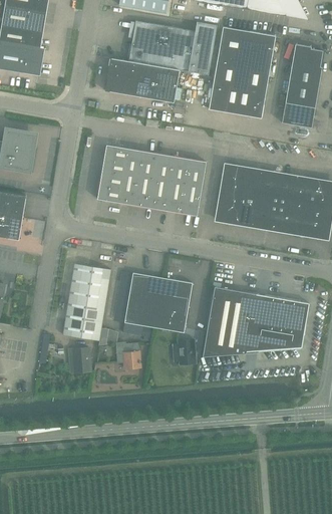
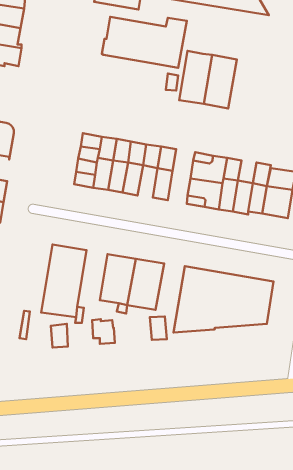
building: [218,27,275,66] -> none
building: [282,44,323,127] -> none
building: [104,58,180,102] -> none
building: [271,174,291,198] -> none
building: [164,179,186,213] -> none

